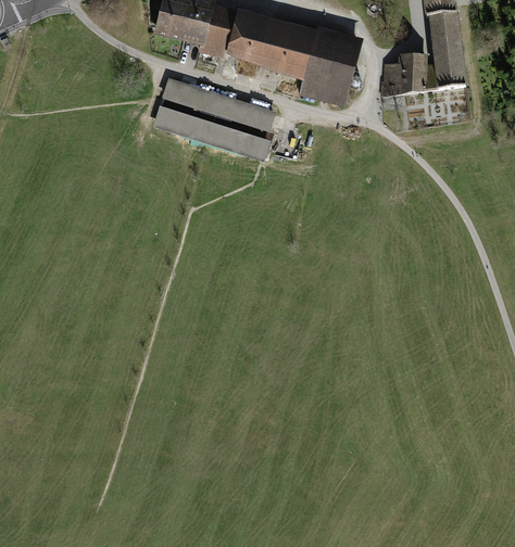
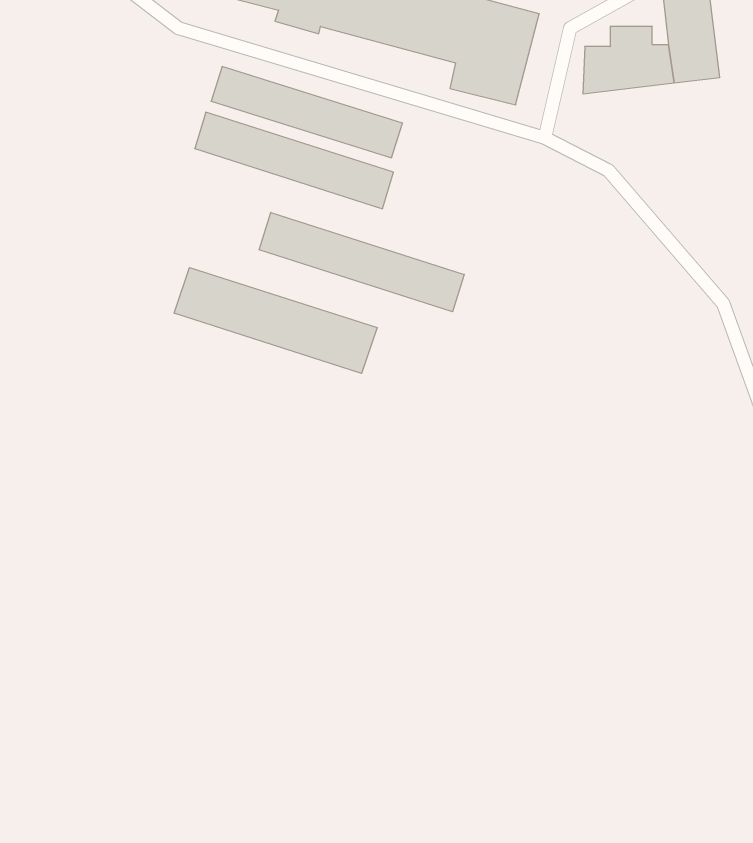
building: none -> [259,212,464,312]
building: none -> [174,268,377,373]

